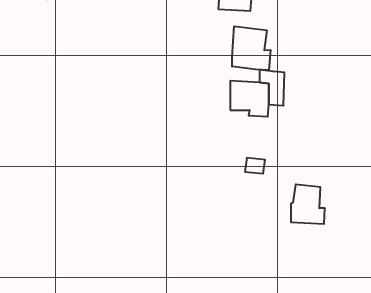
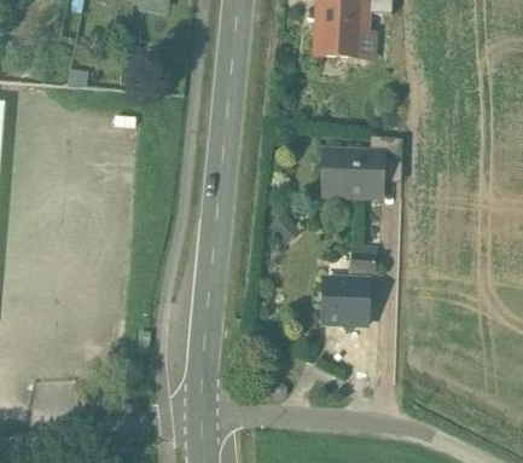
building: [232,26,271,70] -> none
building: [291,184,325,224] -> [322,276,367,328]

